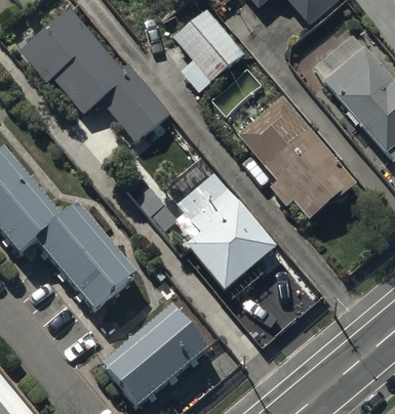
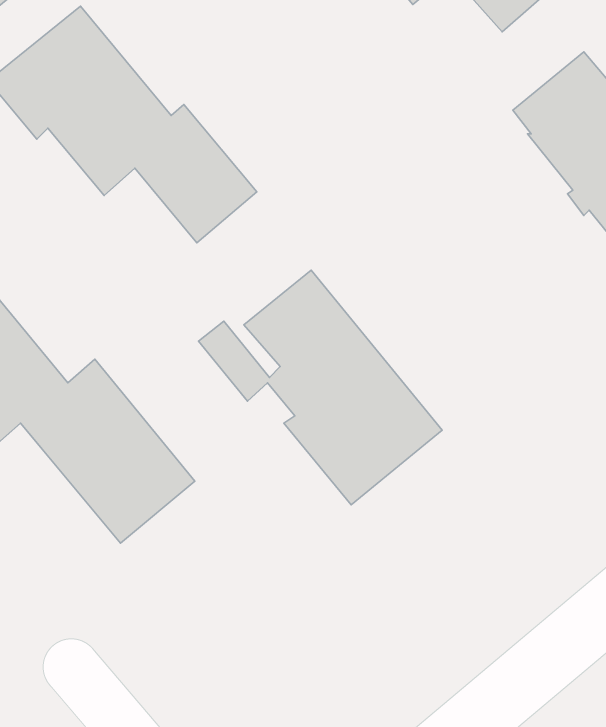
building: [173,8,244,81] -> none
building: [236,95,356,218] -> none
building: [105,306,210,409] -> none

